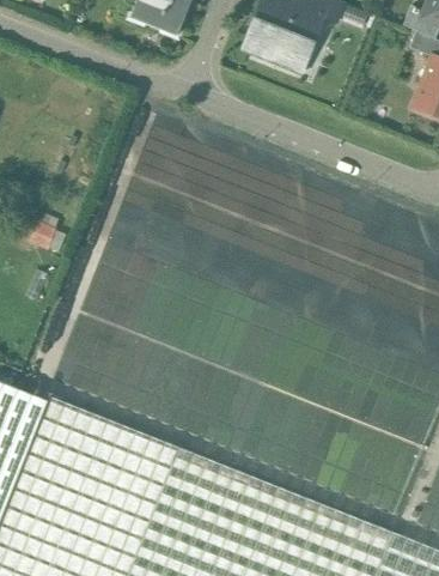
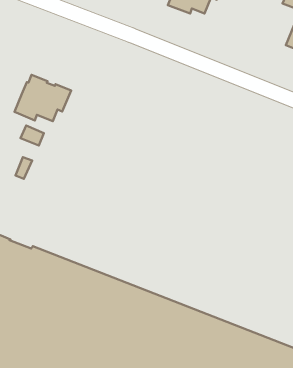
building: none -> [14,75,71,121]

